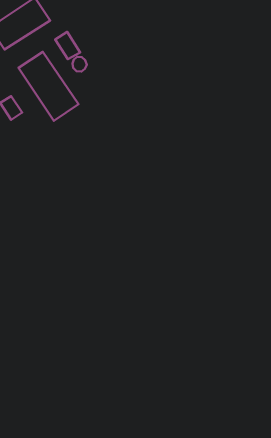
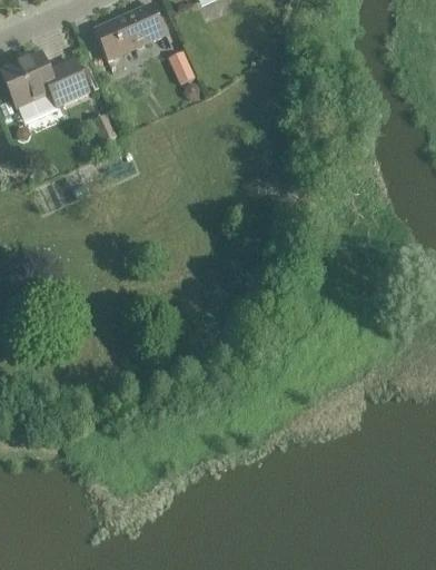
building: [19,52,79,121] -> none

